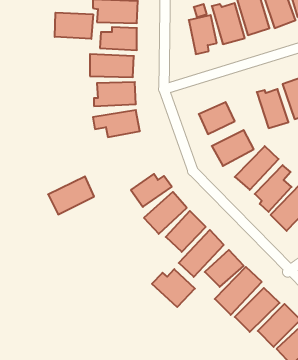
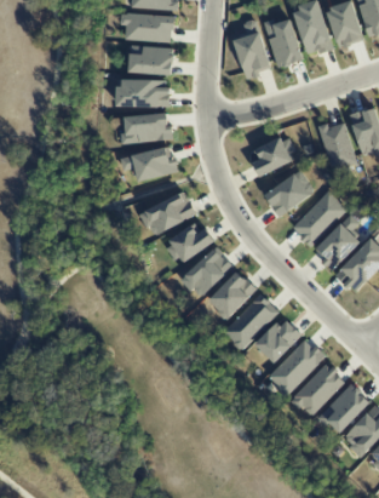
building: [55,13,93,39] -> none
building: [48,176,94,214] -> [139,190,195,236]
building: [152,269,195,307] -> none

